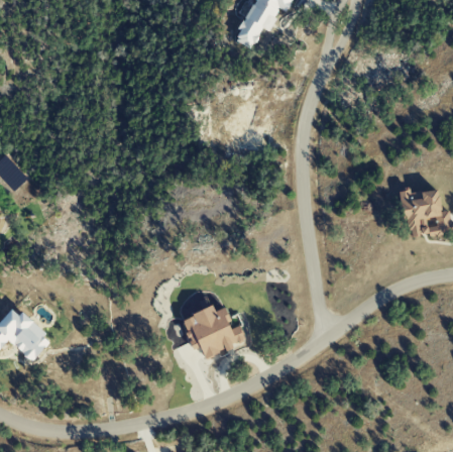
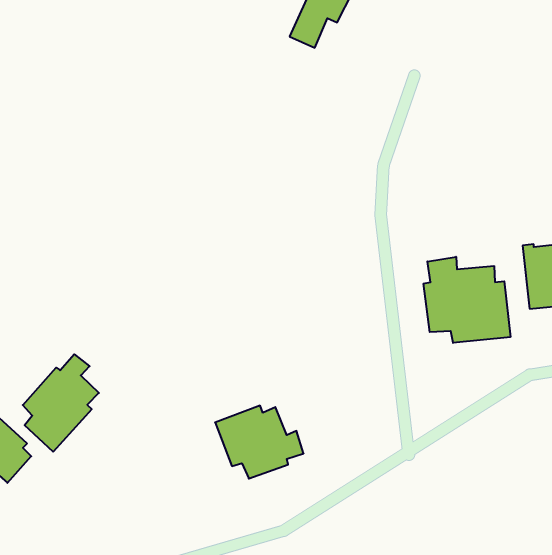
building: none -> [424,257,510,343]
building: none -> [23,354,99,452]

